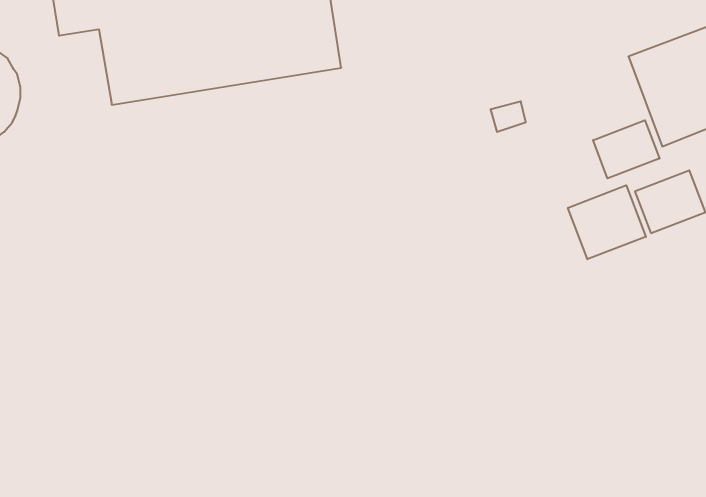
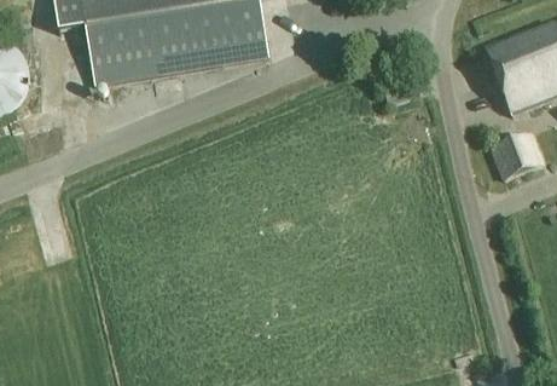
building: [593,120,660,178] -> none
building: [568,185,646,259] -> none

